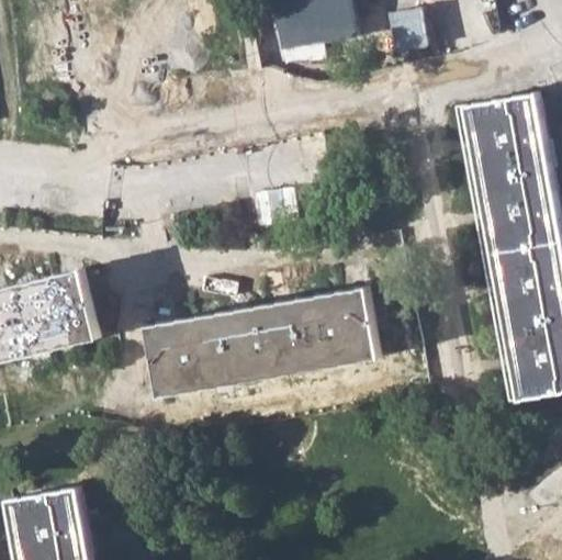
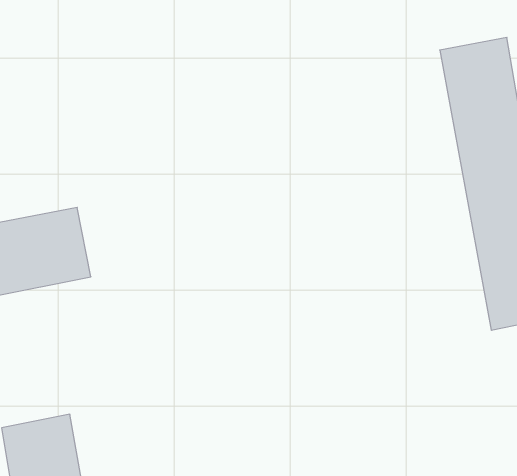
building: [145,288,379,395] -> none

